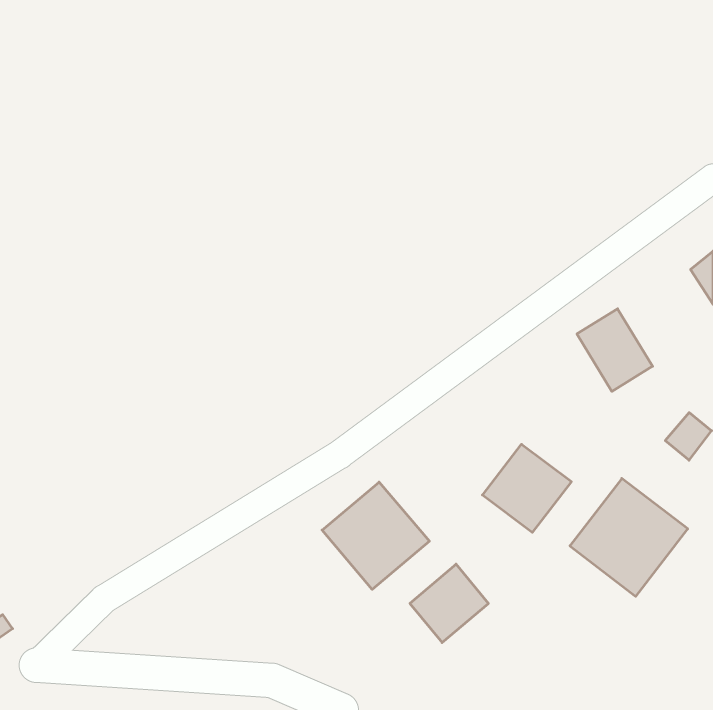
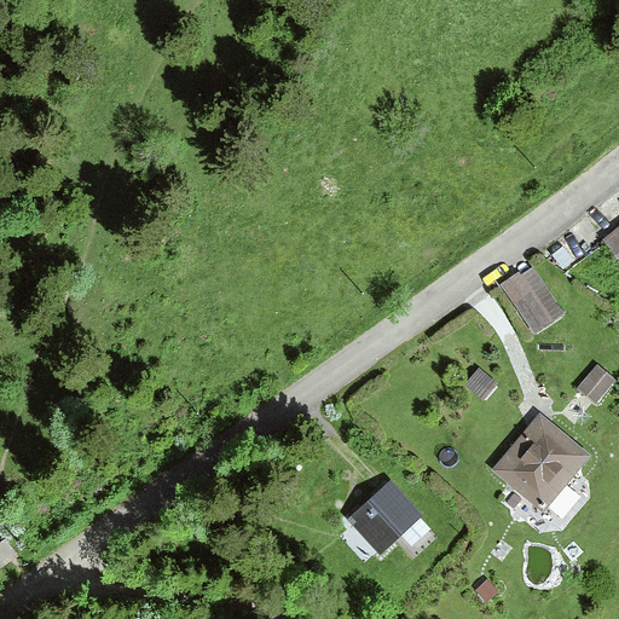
building: [482,444,571,532] -> none
building: [322,482,429,589] -> none

